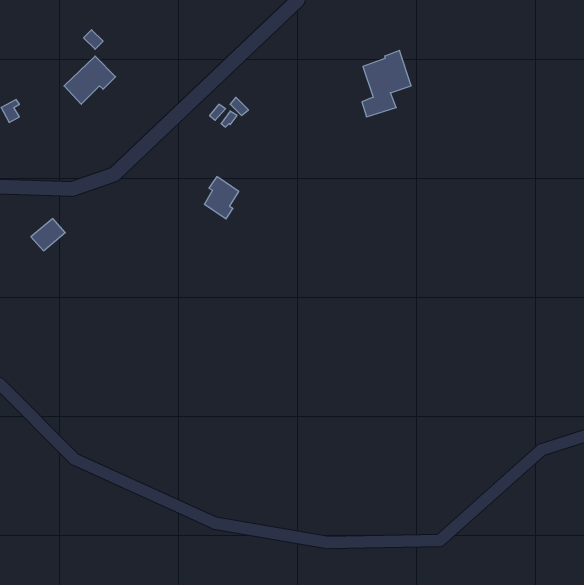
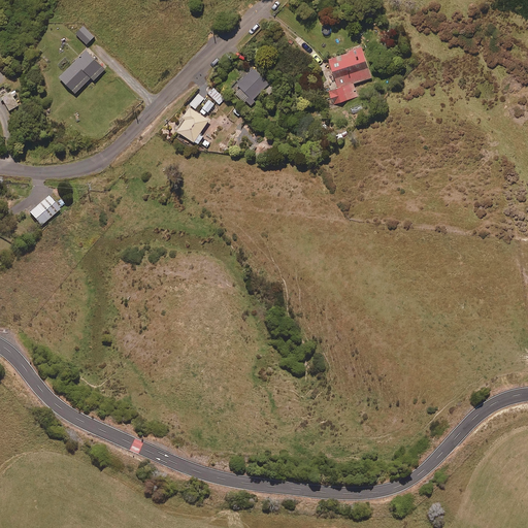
building: none -> [236,68,268,105]
building: [204,177,239,219] -> [176,107,207,145]

